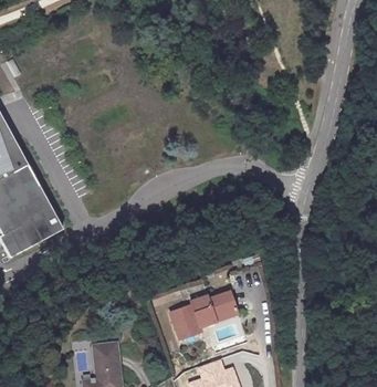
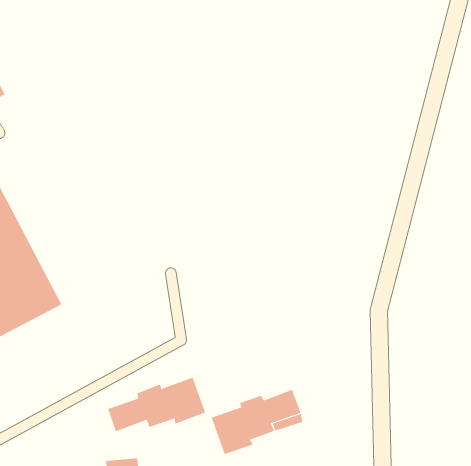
building: none -> [107,377,206,432]

